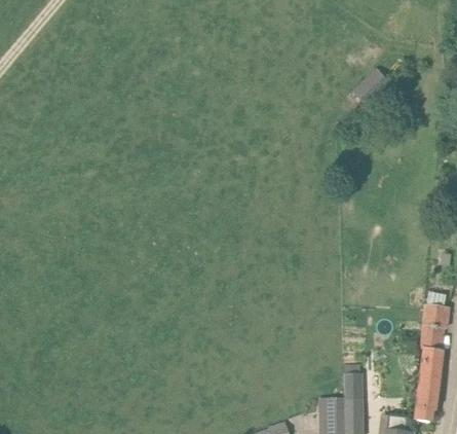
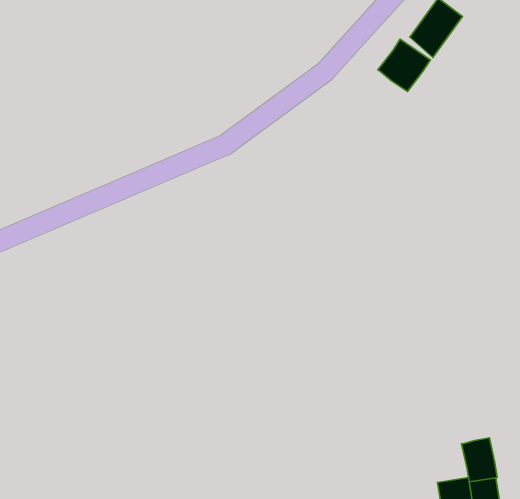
building: none -> [378,39,430,92]

